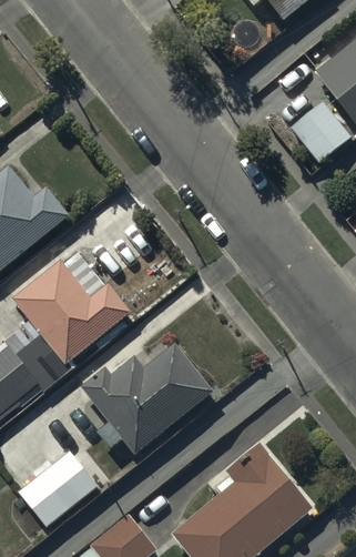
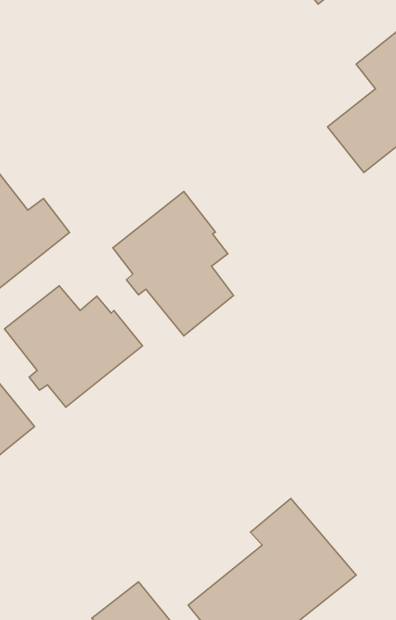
building: none -> [113,191,234,336]
building: [83,343,214,455] -> none
building: [19,450,99,526] -> none

